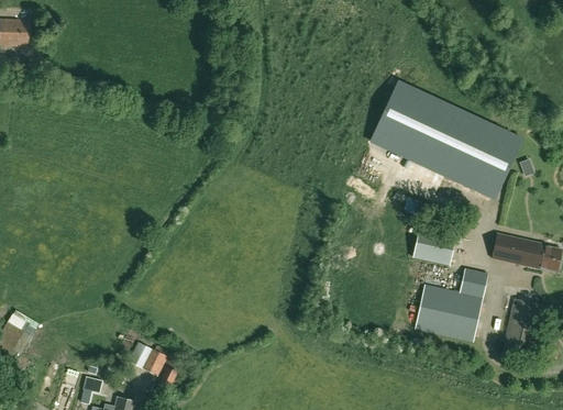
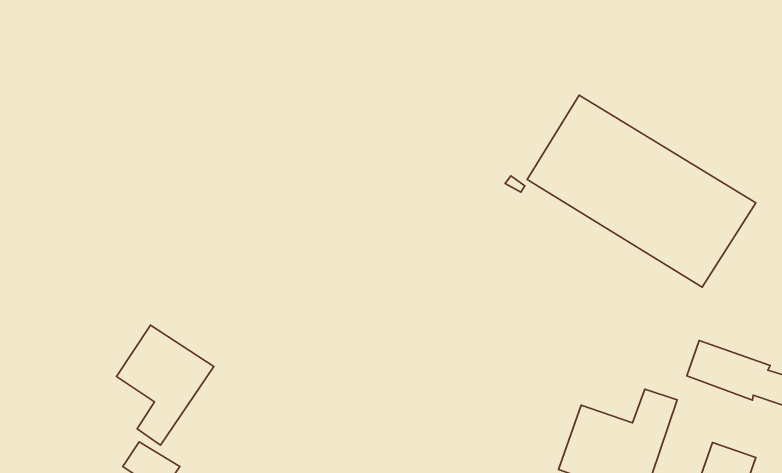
building: [413,229,455,265] -> none
building: none -> [117,325,214,445]

